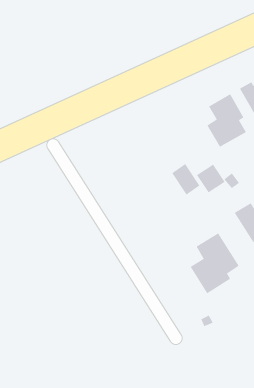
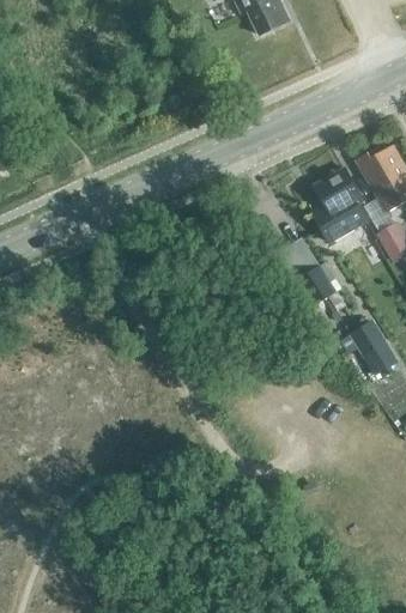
building: [171,163,200,195] -> none
building: [190,232,240,294] -> none

